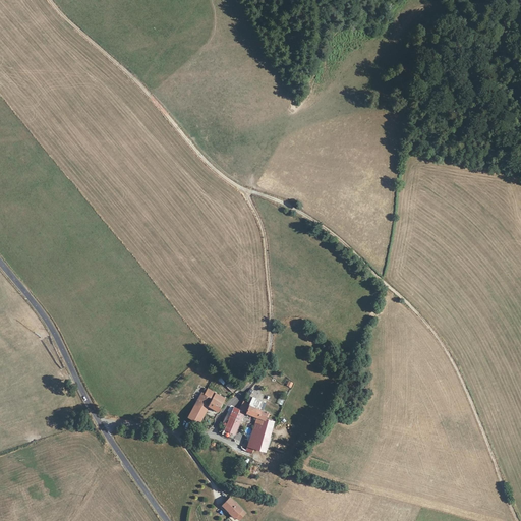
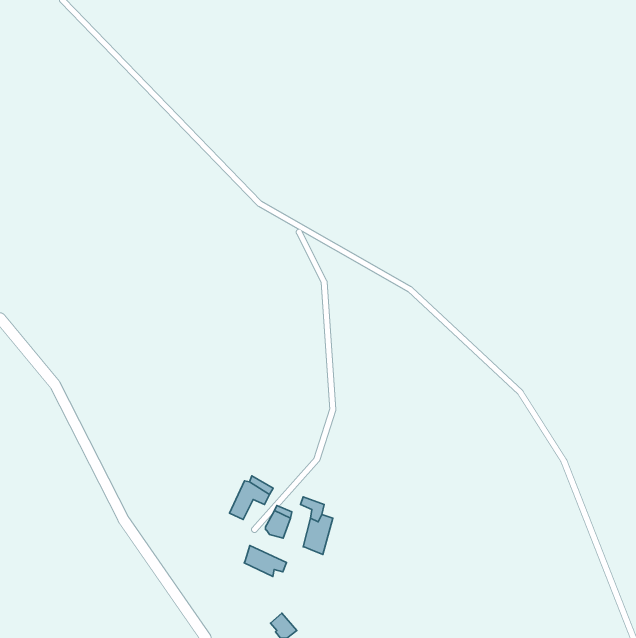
building: none -> [244,545,287,576]

